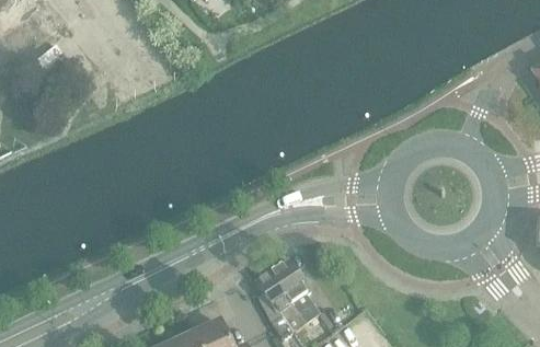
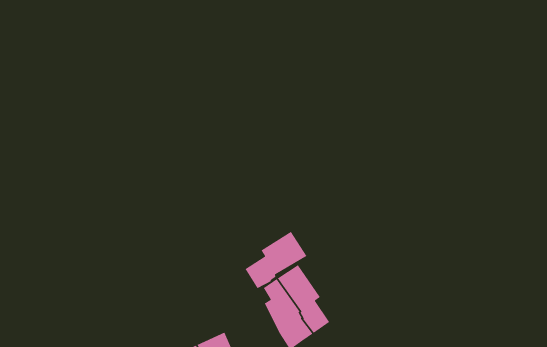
building: none -> [245,231,308,289]

